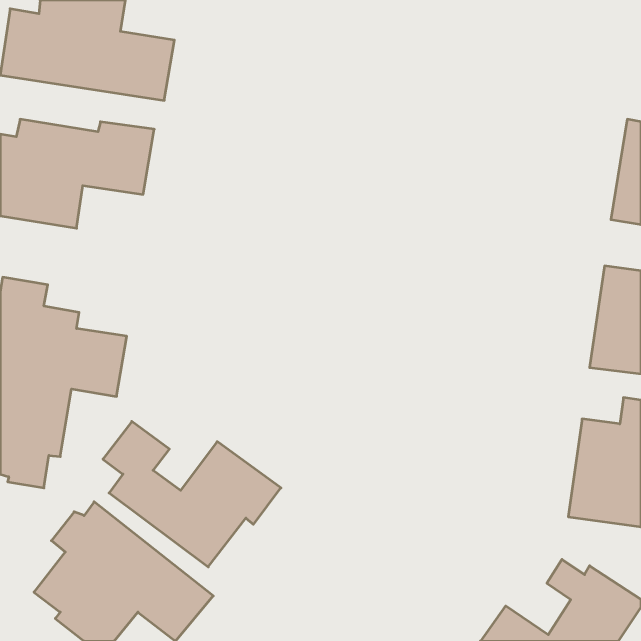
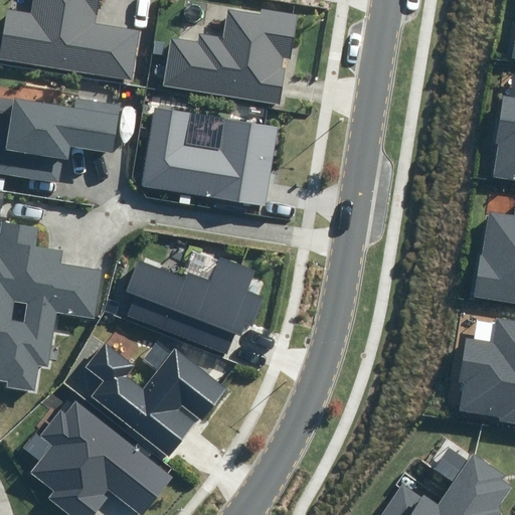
building: none -> [161,4,297,109]
building: none -> [142,106,279,206]
building: none -> [125,253,265,353]

